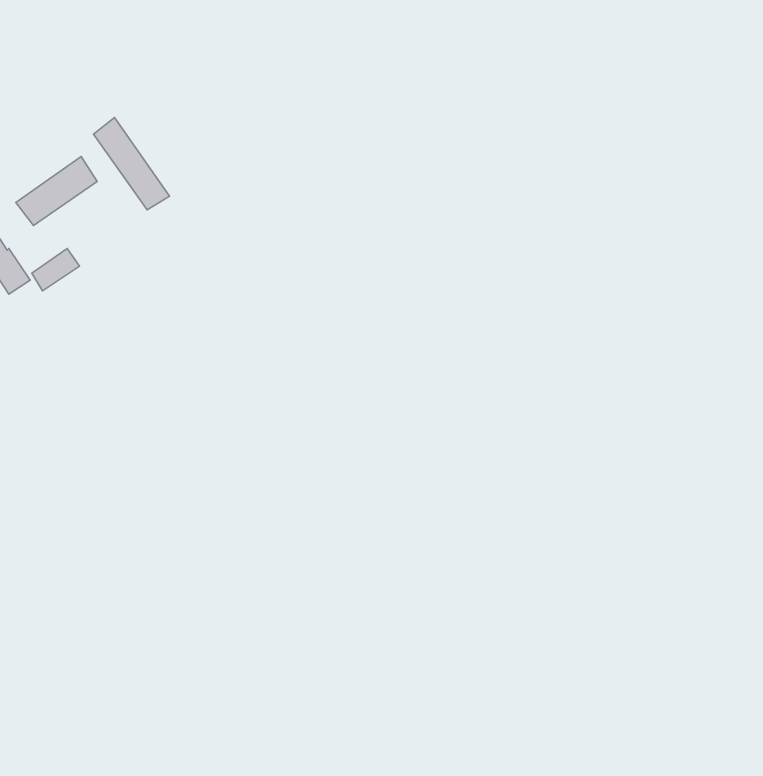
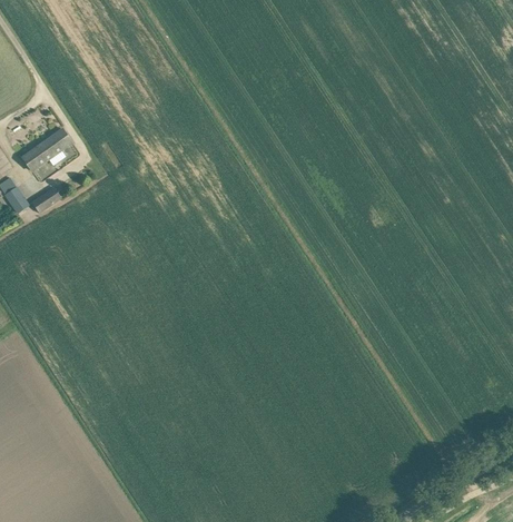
building: [94,118,170,210] -> none

